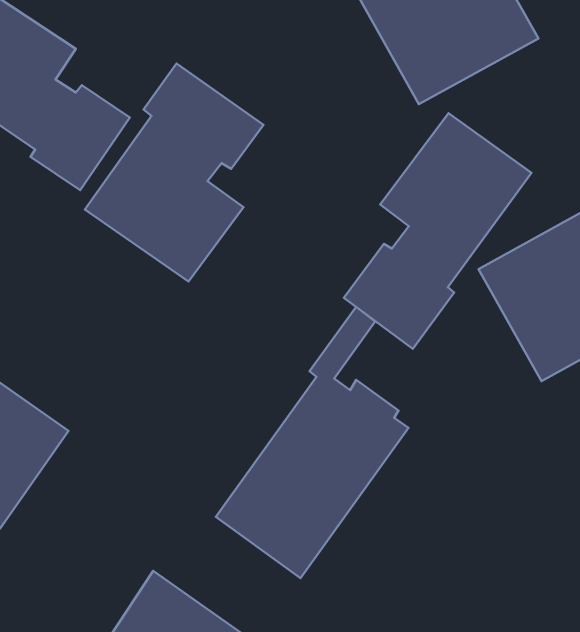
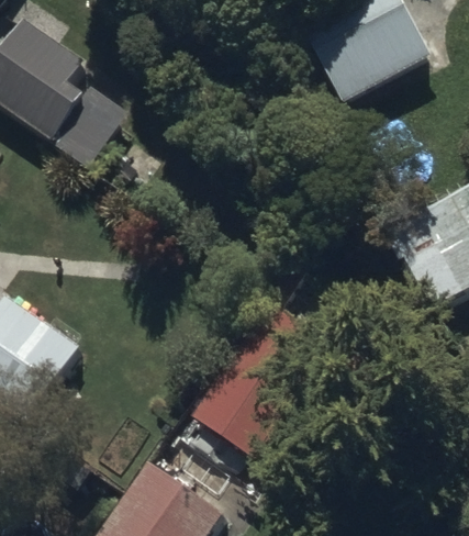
building: [85,63,263,282] -> none
building: [344,113,531,349] -> none

